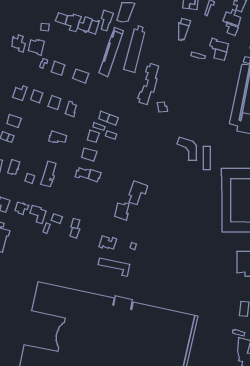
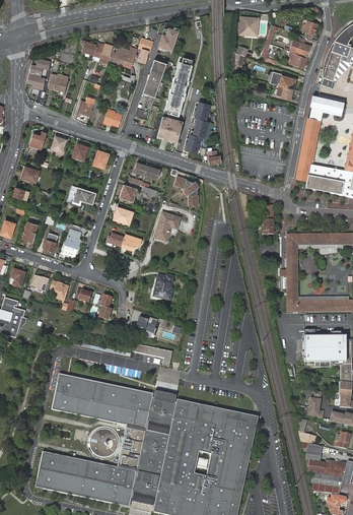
building: none -> [158,115,183,140]
building: [177,137,197,160] -> [173,177,198,205]
building: [129,181,148,205] -> [156,211,180,241]

